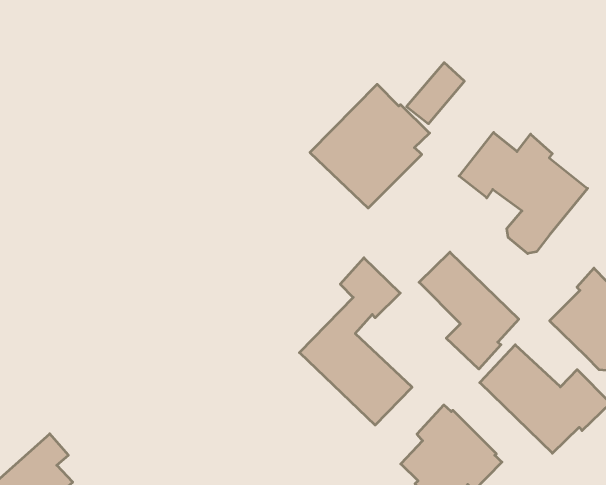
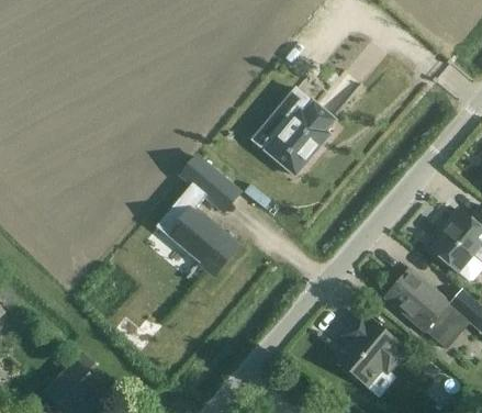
building: [459,132,588,254] -> none
building: [419,252,519,369] -> none
building: [299,258,412,425] -> [159,156,240,274]

